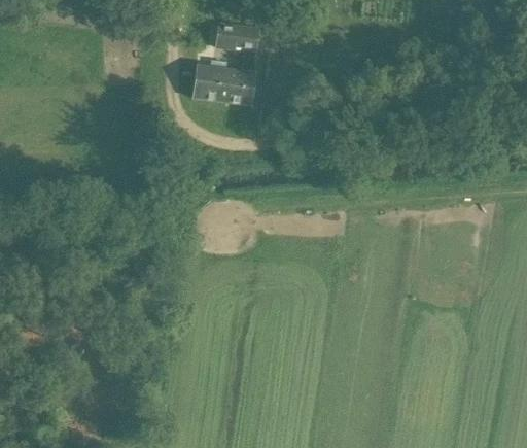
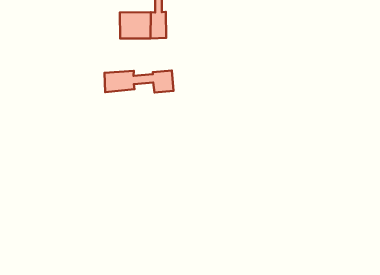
building: none -> [105,71,174,93]

